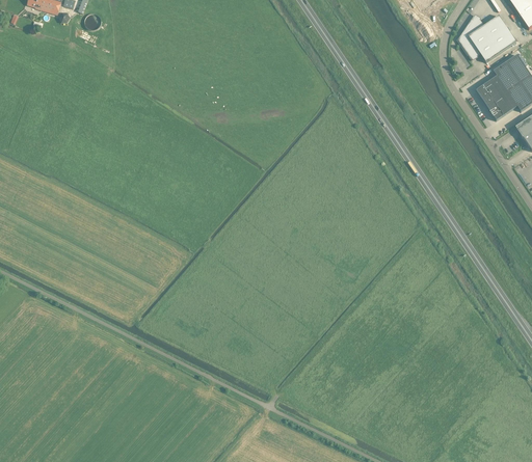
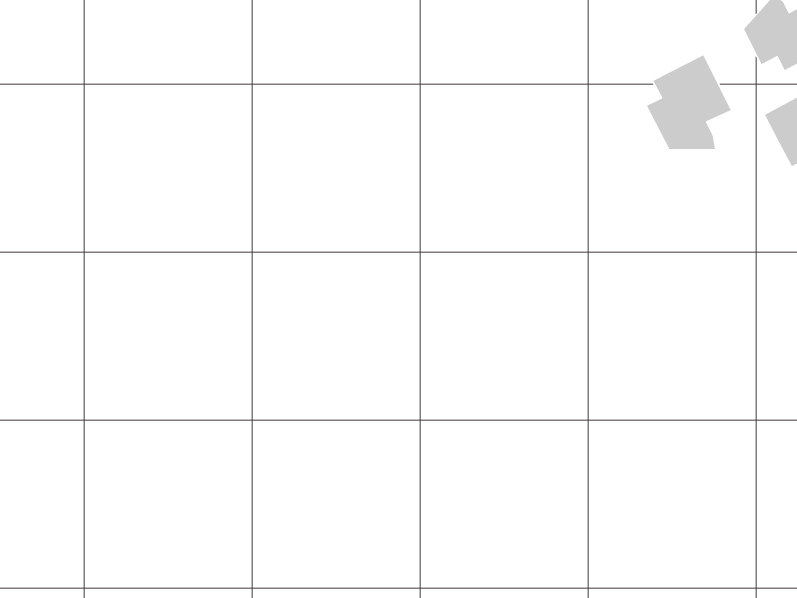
building: none -> [646,54,732,150]

